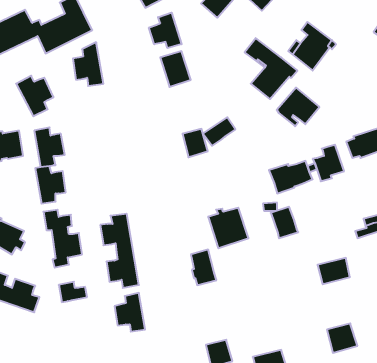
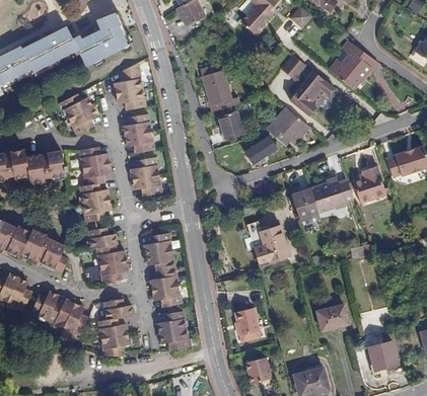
building: [149,13,182,48] -> none
building: [277,88,319,126] -> [268,105,310,144]
building: none -> [122,108,153,148]
building: [182,129,208,157] -> [218,109,243,138]
building: none -> [130,153,161,192]
building: [271,207,298,238] -> [292,187,319,219]
building: [191,250,216,285] -> [237,308,263,343]
building: [317,258,350,284] -> [316,303,349,329]
building: none -> [95,318,125,354]

